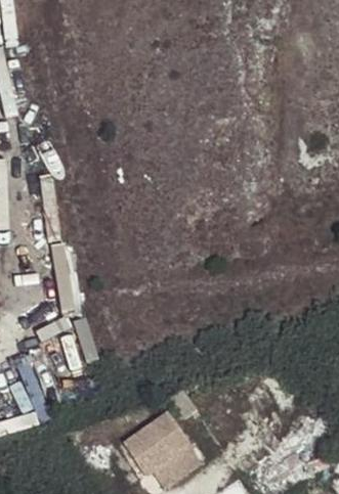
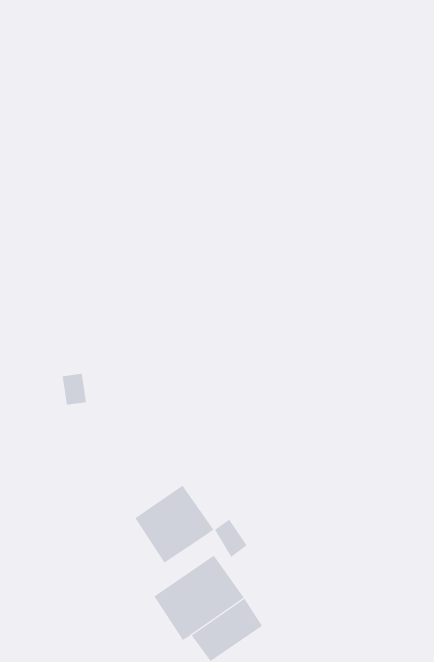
building: none -> [134,485,214,563]

